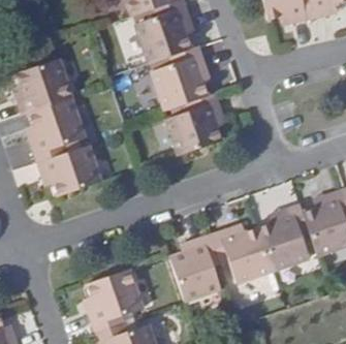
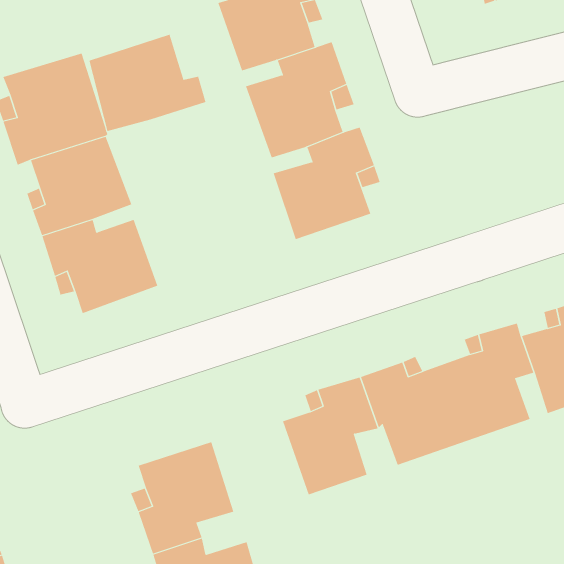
building: none -> [89,34,206,132]

